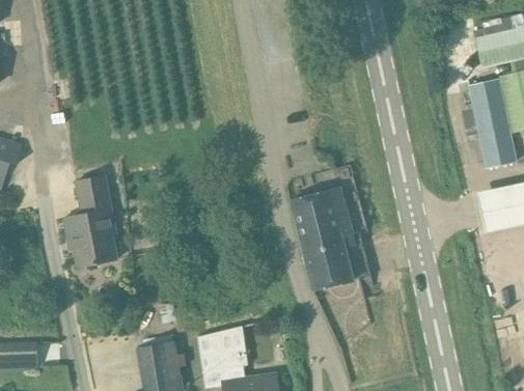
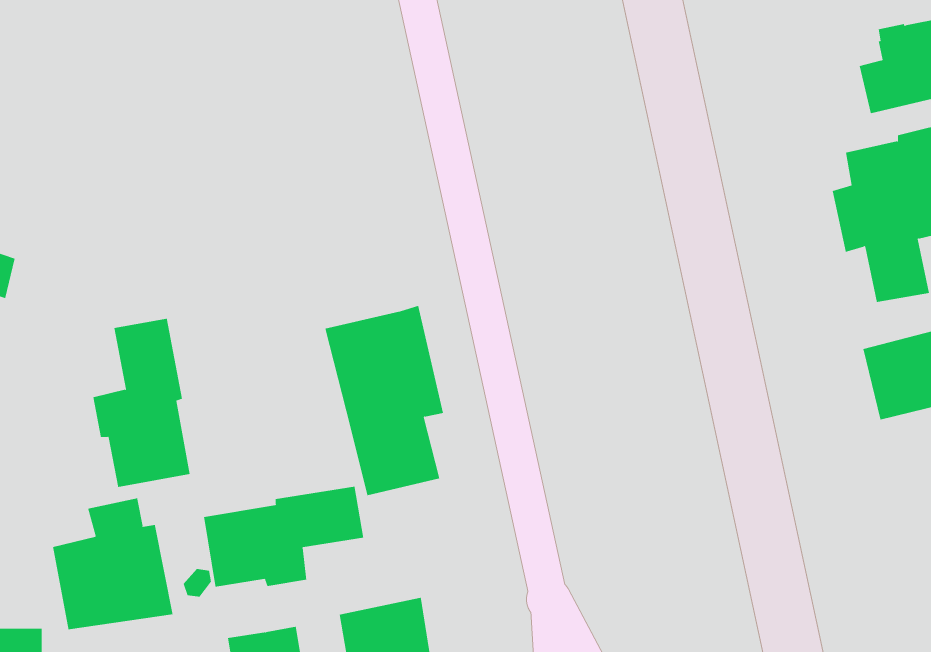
building: [289,188,354,290] -> [325,305,444,496]
building: none -> [203,486,364,587]
building: none -> [53,498,173,630]

